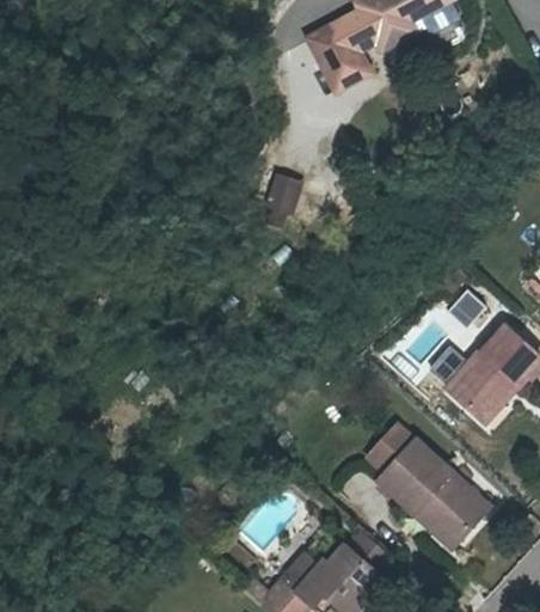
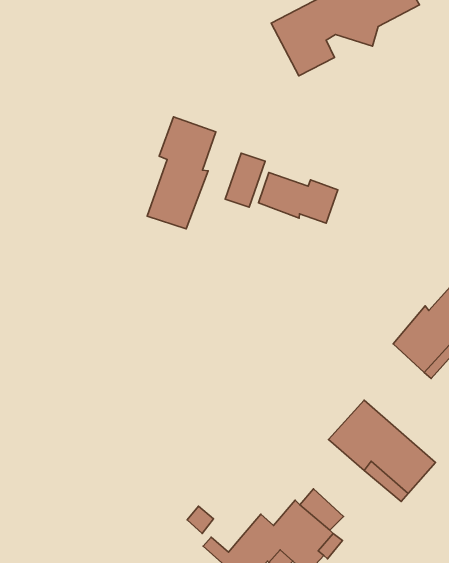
building: none -> [147,117,216,229]
building: none -> [259,172,338,223]

